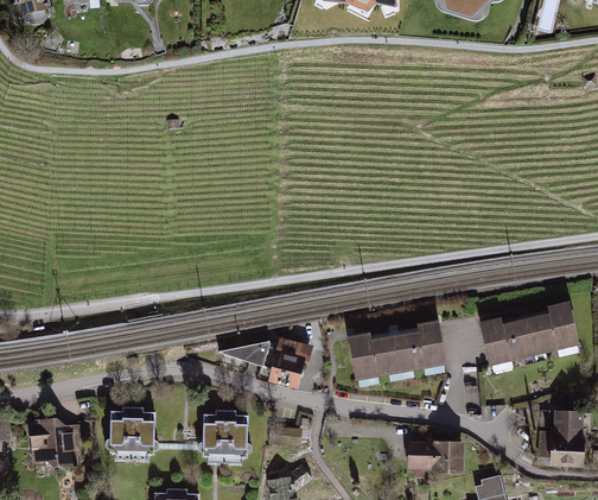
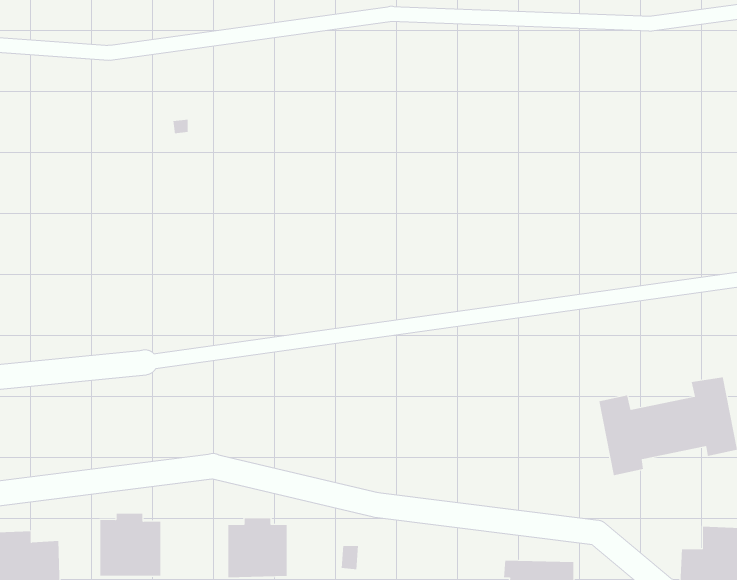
building: [348,321,444,385] -> none
building: [268,335,310,387] -> none
building: [221,338,273,363] -> none

